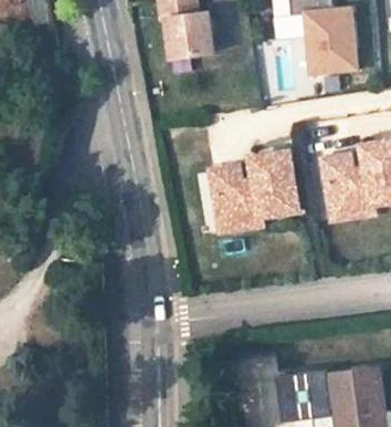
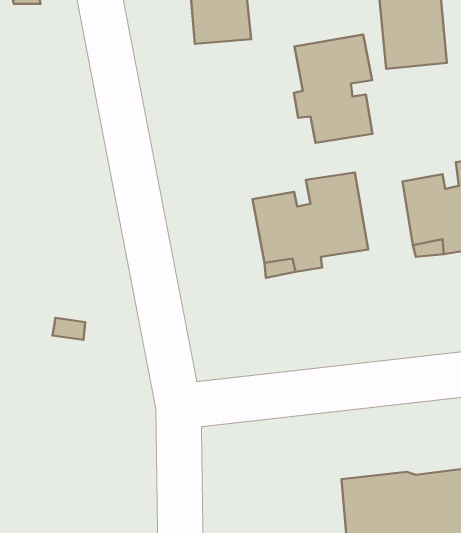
building: none -> [294,34,372,143]

